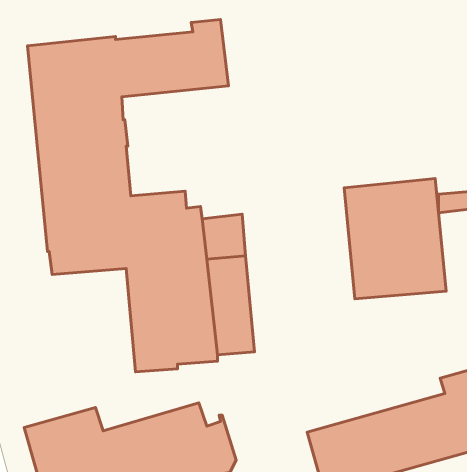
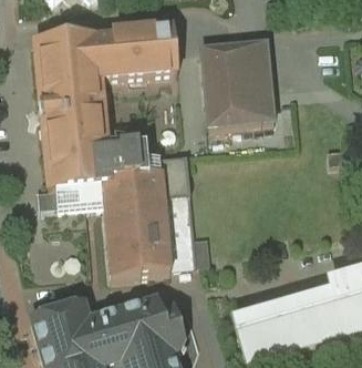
building: [344,178,446,299] -> [200,39,273,125]

